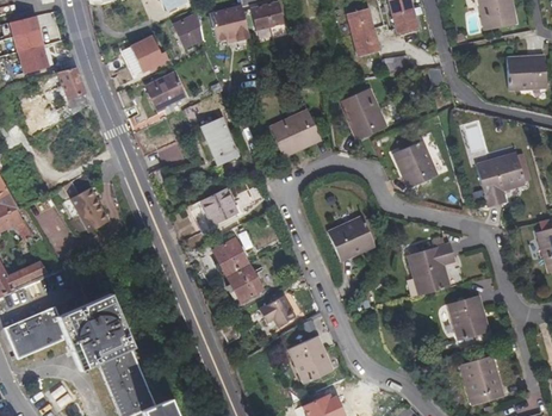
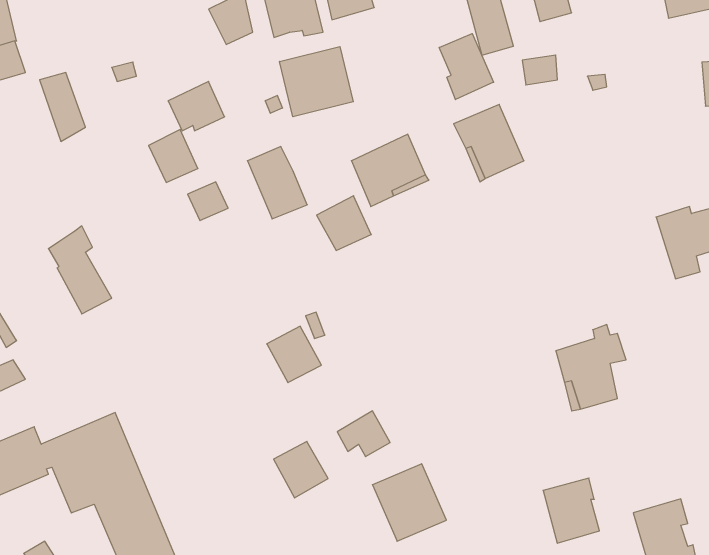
building: [130,36,163,72] -> [149,130,198,182]
building: none -> [439,34,494,100]
building: none -> [280,47,353,117]
building: [395,141,438,187] -> none
building: [200,187,237,224] -> [317,196,371,250]
building: [328,217,374,261] -> none
building: [227,265,263,303] -> [274,441,328,498]
building: [448,296,486,340] -> [543,478,599,543]

